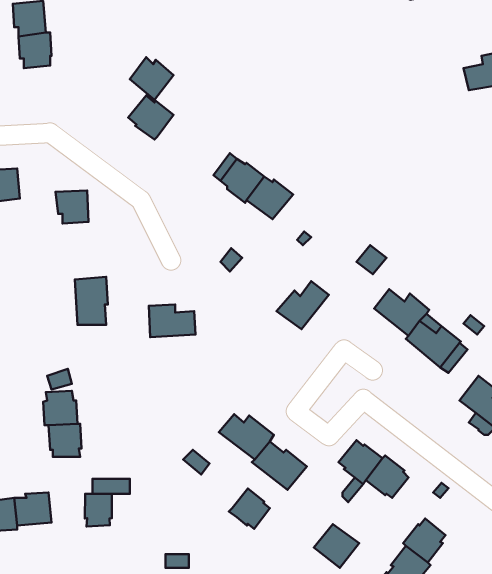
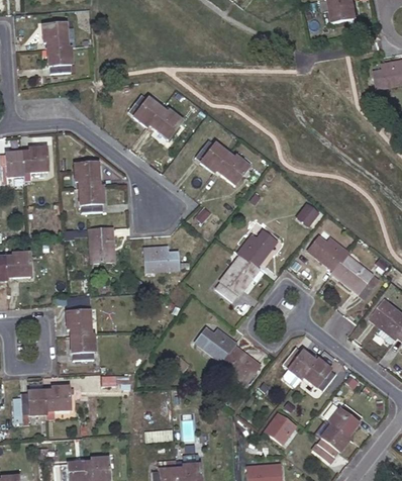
building: [130,57,174,100] -> [149,107,182,138]
building: none -> [80,186,103,210]
building: none -> [214,257,263,300]
building: [229,489,270,529] -> none
building: [85,494,112,526] -> none

